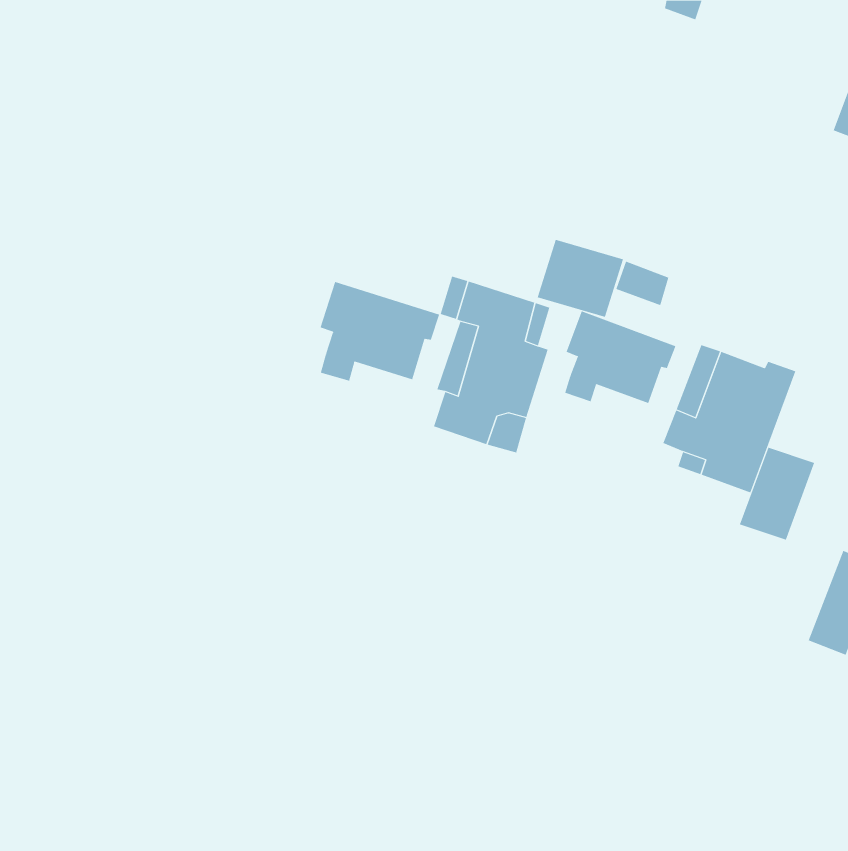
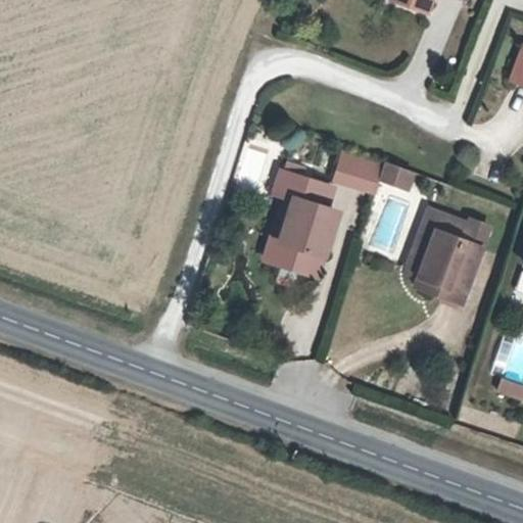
building: [320,281,440,381] -> none
building: [564,311,676,404] -> none
building: [739,447,815,541] -> none

